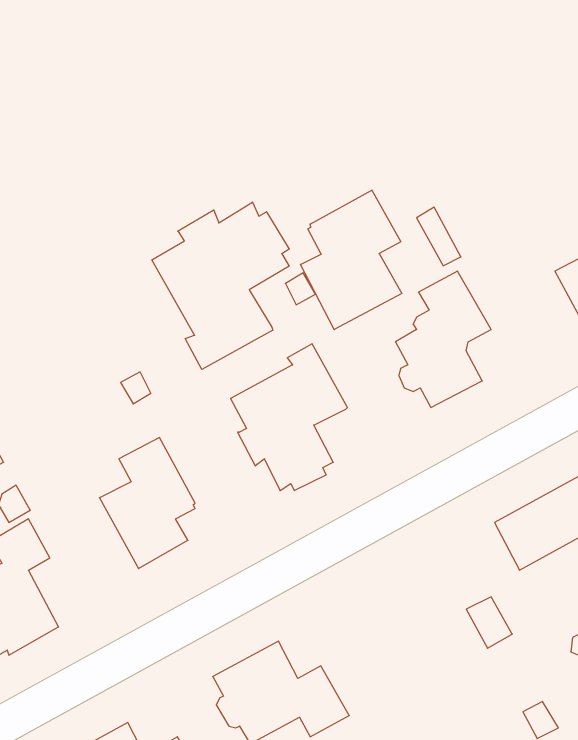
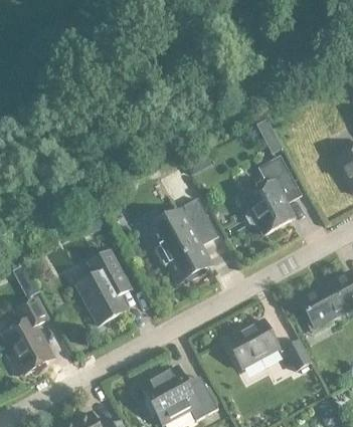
building: [300,190,402,330] -> none
building: [152,202,289,369] -> none
building: none -> [226,318,282,368]

